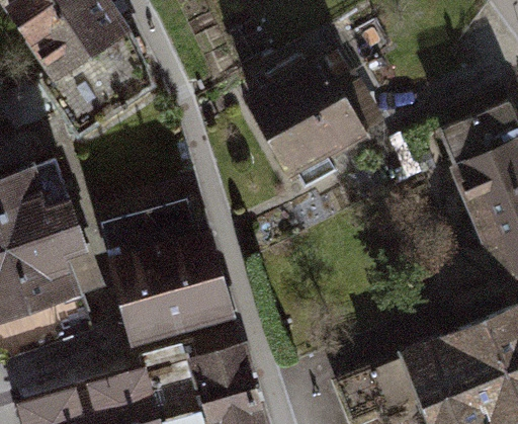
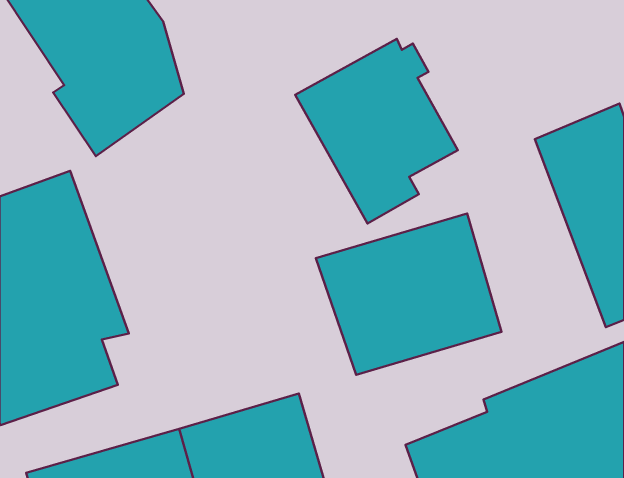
building: none -> [316,213,502,375]
building: [98,202,241,351] -> none

